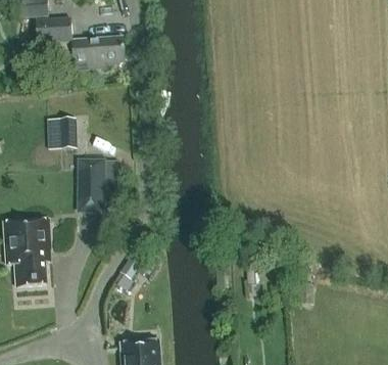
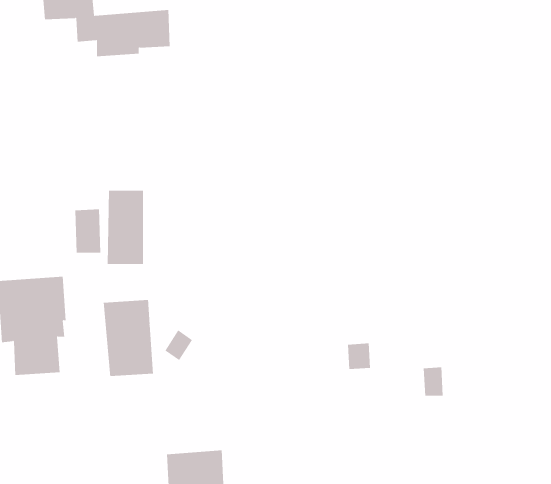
building: [56,116,75,146] -> [74,209,101,253]
building: none -> [103,299,153,377]

